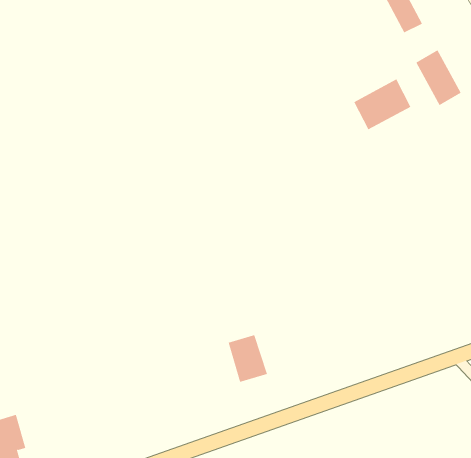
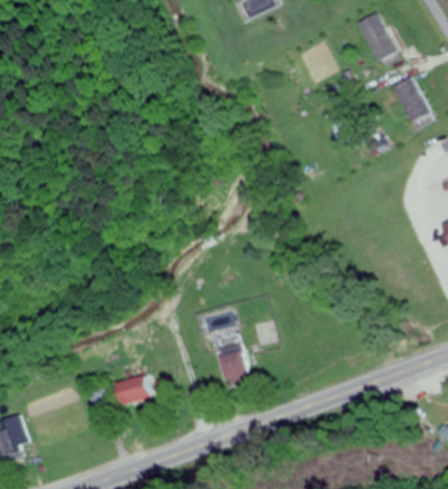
building: [354,79,411,130] -> none
building: none -> [116,374,151,403]

